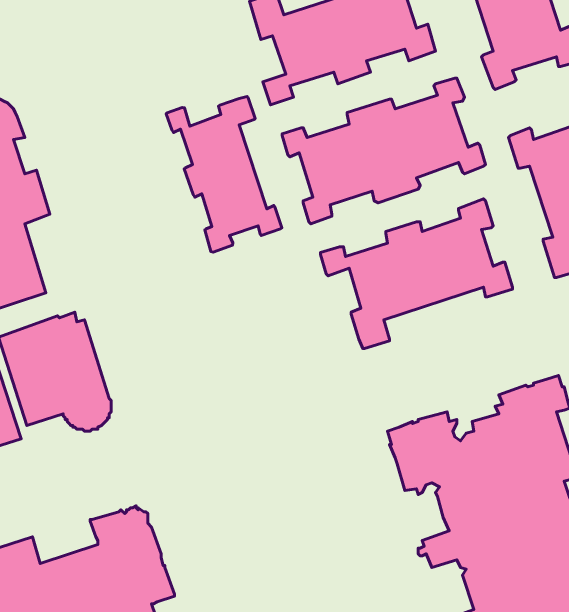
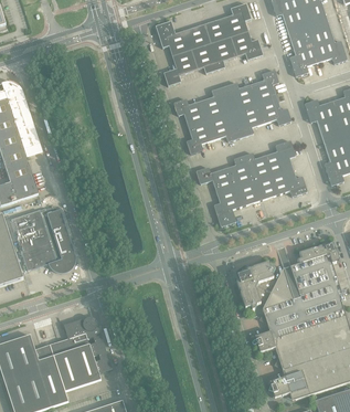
building: [166,96,282,252] -> none

